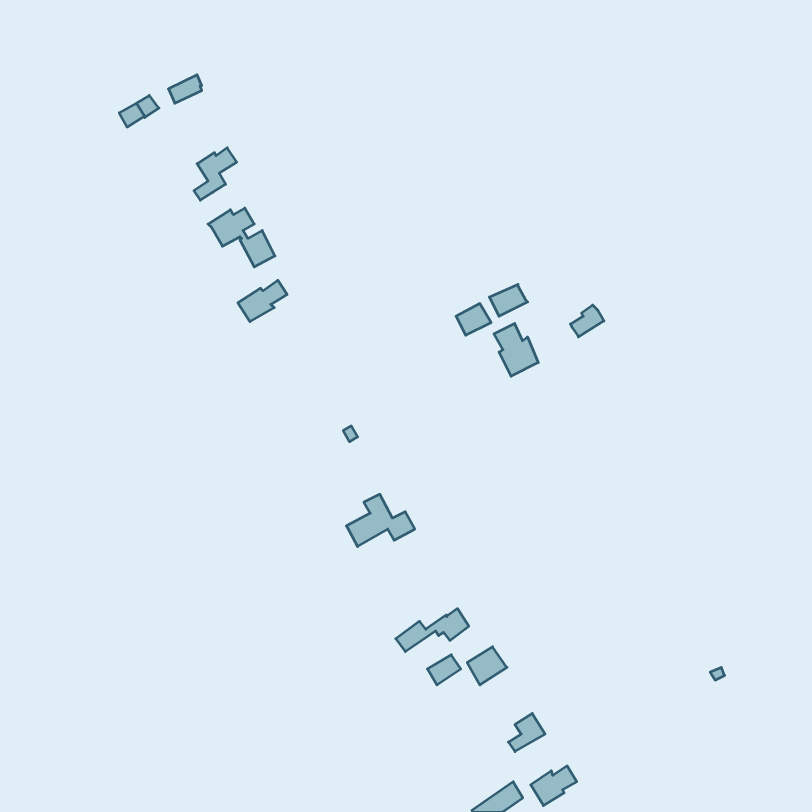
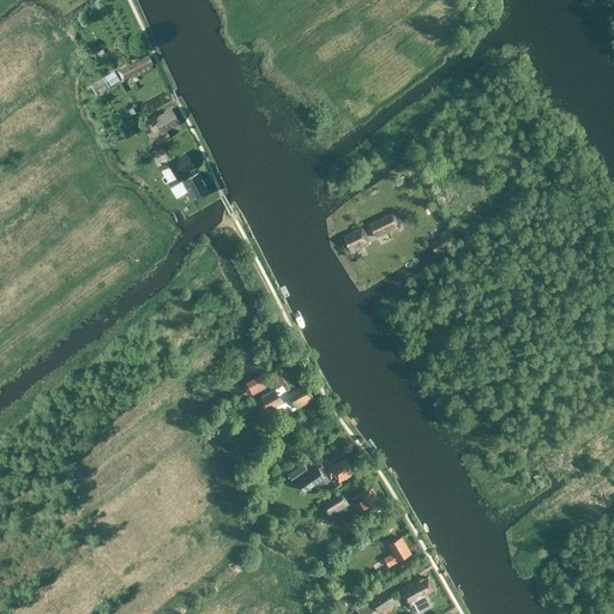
building: [238,280,287,322] -> none
building: [494,323,538,376] -> none

